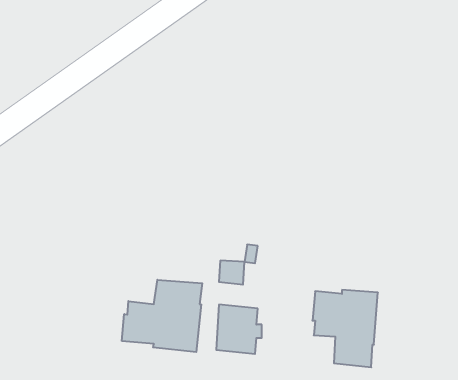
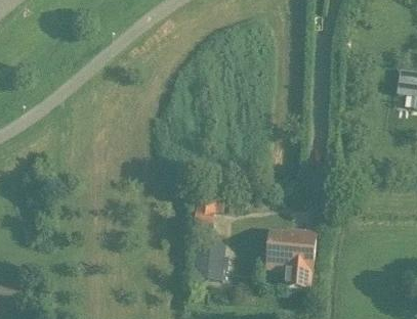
building: [122,280,202,352] -> none

